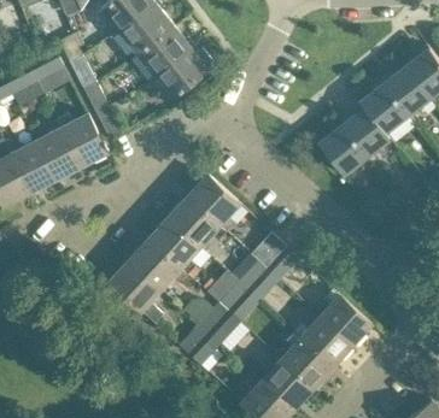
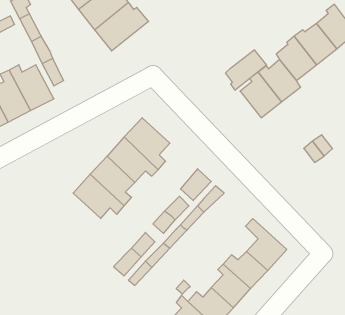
building: none -> [226,50,266,90]
building: [109,260,160,318] -> none

